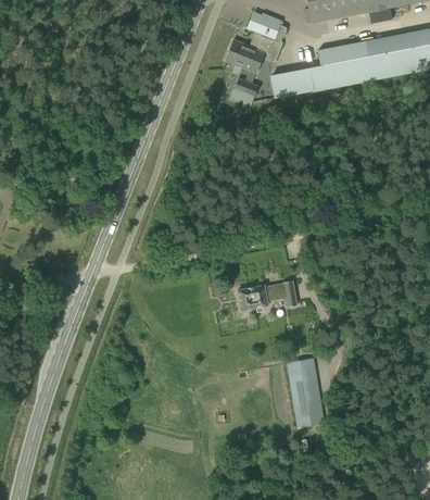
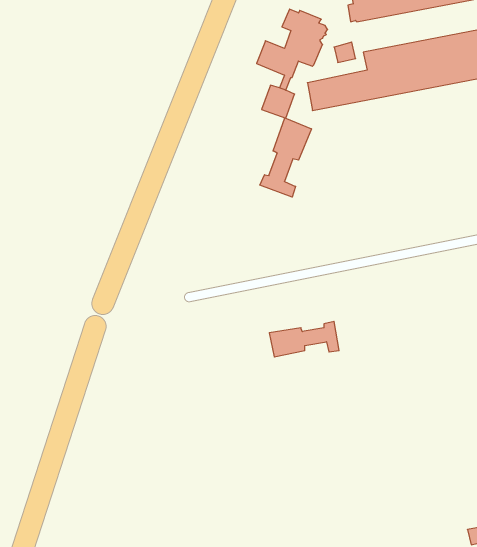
building: none -> [260,118,311,197]
building: [287,357,324,427] -> none

